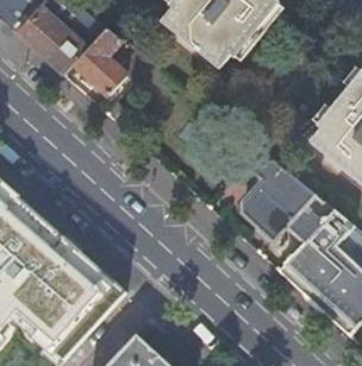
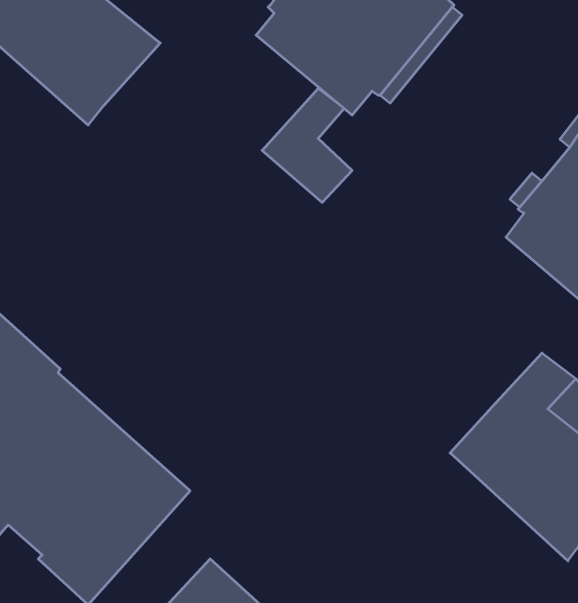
building: [74,27,127,95] -> [262,88,352,202]
building: [243,159,335,241] -> none

